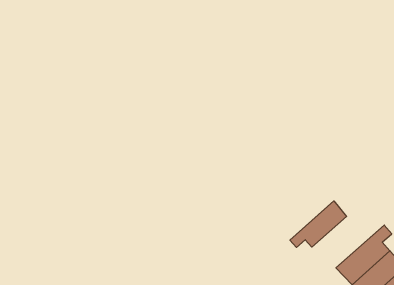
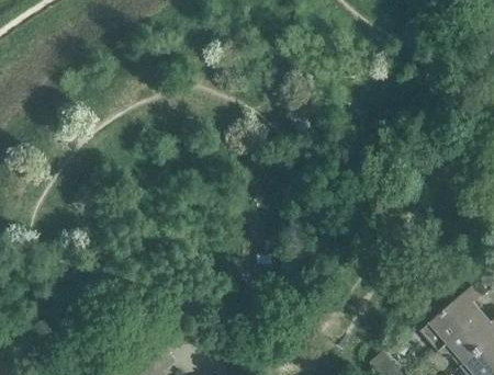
building: [290,201,347,247] -> none

